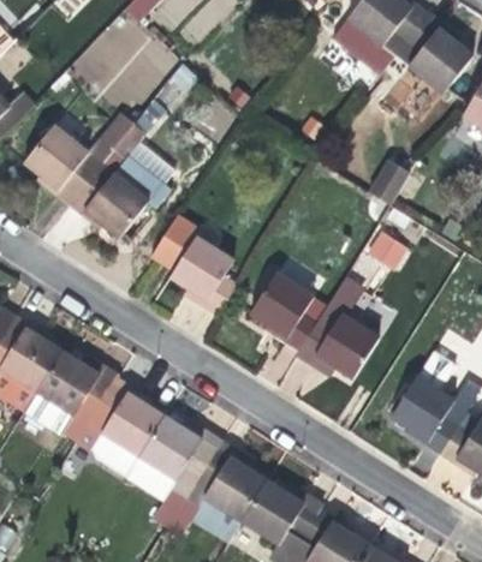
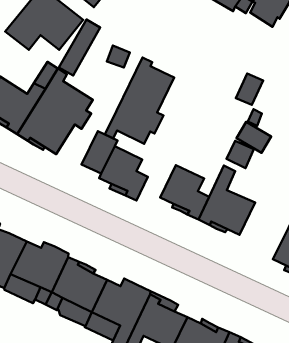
building: none -> [105,58,174,144]

